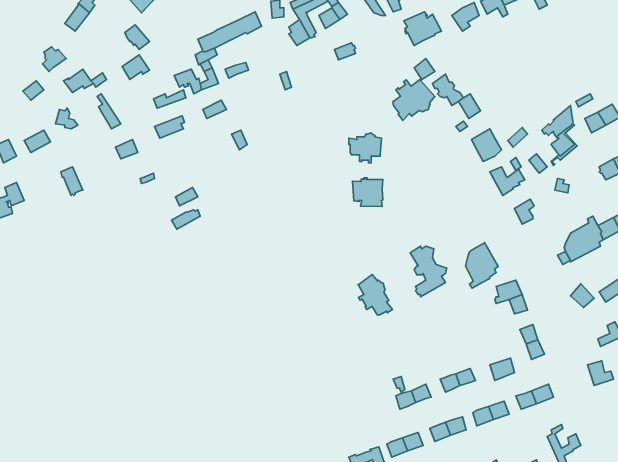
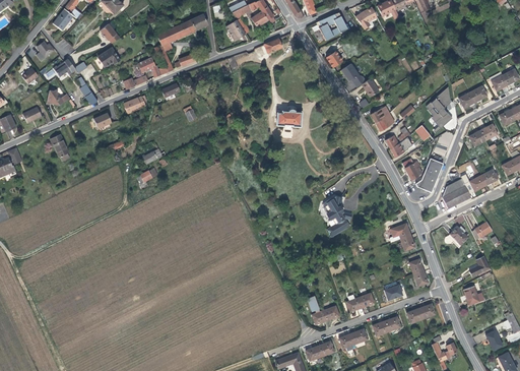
building: [393,80,435,121] -> none
building: [353,178,383,207] -> none
building: none -> [415,157,443,190]
building: [465,242,498,288] -> none
building: [358,275,393,315] -> none

